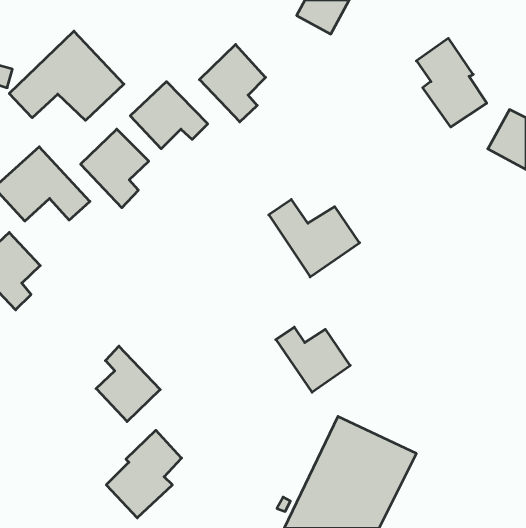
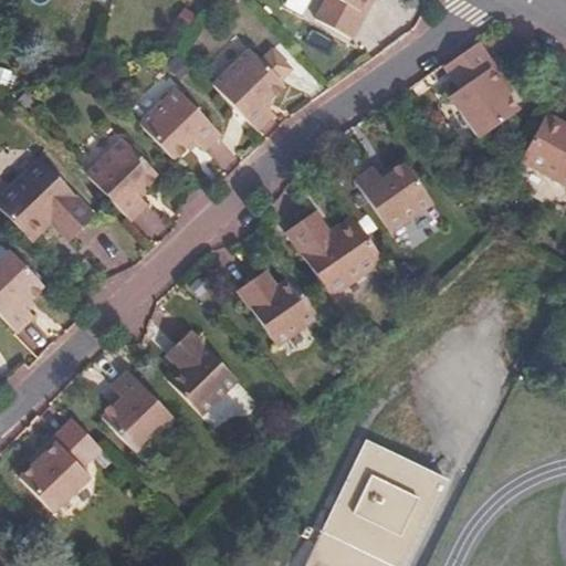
building: [9,31,124,120] -> none
building: none -> [355,164,434,232]
building: none -> [169,329,239,415]
building: [276,327,350,392] -> [239,275,318,345]
building: [106,430,182,518] -> [20,418,101,512]

